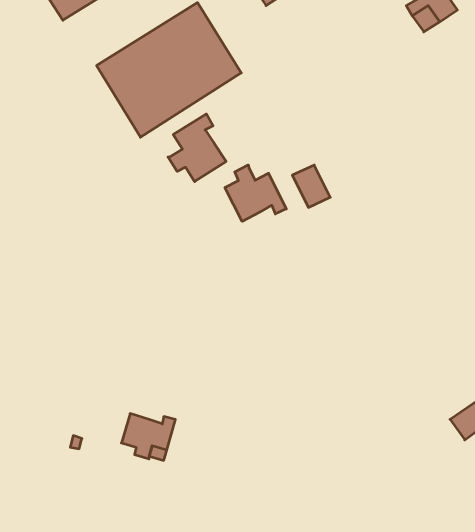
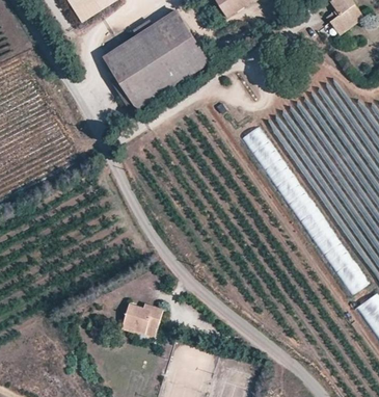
building: [168,114,226,182] -> none
building: [225,165,286,221] -> none

